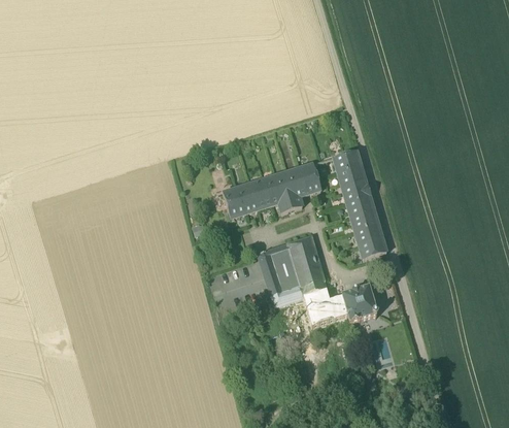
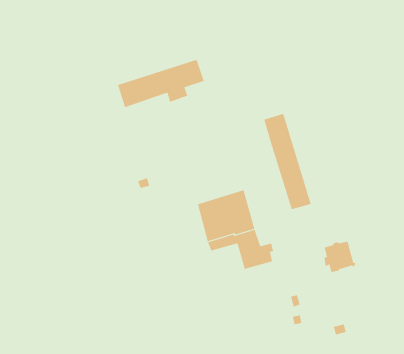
building: [224,163,321,218] -> [117,59,205,108]
building: [342,287,379,322] -> [323,241,357,272]

